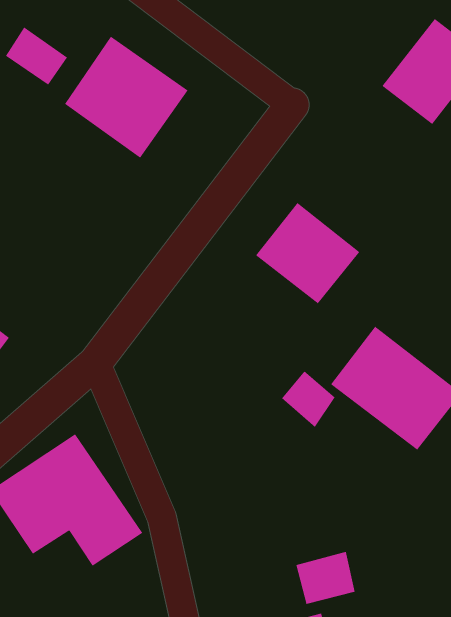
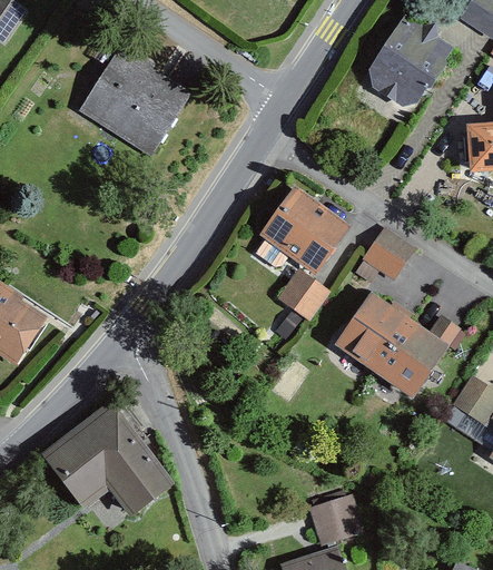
building: [5,26,68,85] -> none
building: none -> [363,224,415,277]
building: [281,371,336,428] -> [280,269,328,320]

